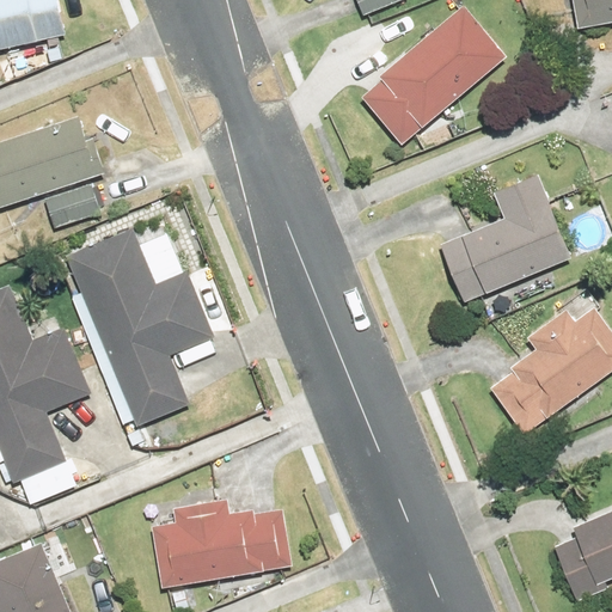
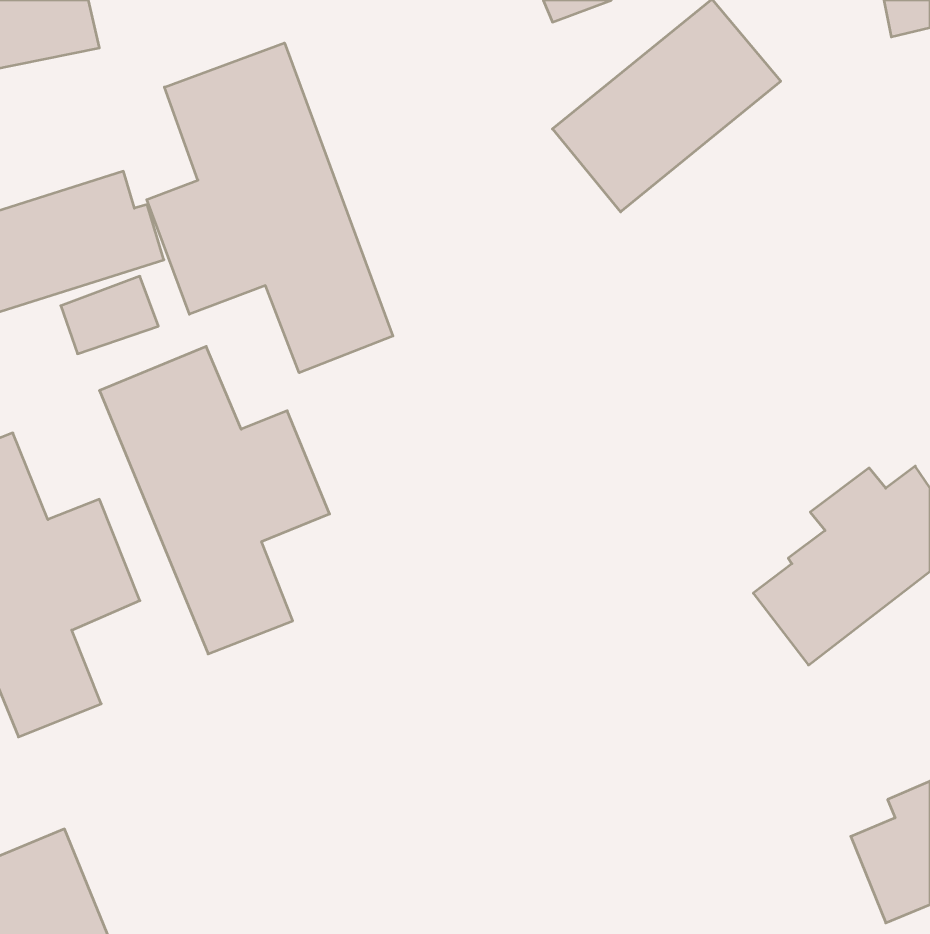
building: none -> [147,43,393,373]
building: [440,169,571,301] -> none
building: [153,496,290,587] -> none

